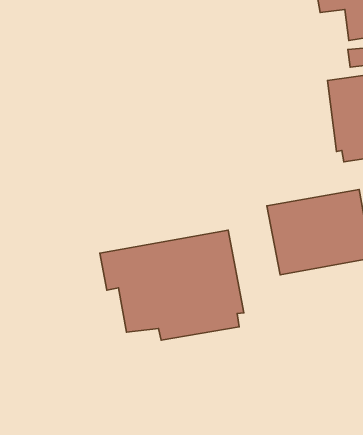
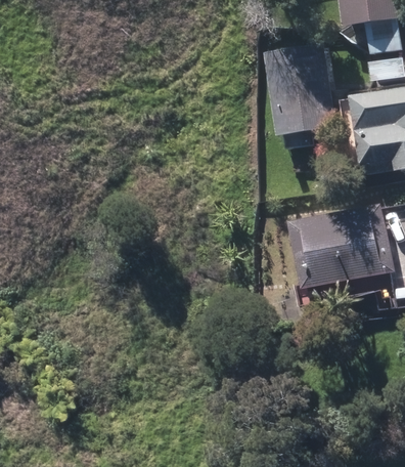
building: none -> [267,47,336,136]
building: [100,230,244,340] -> none

